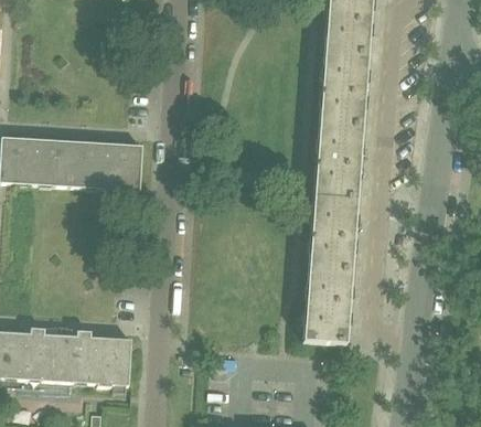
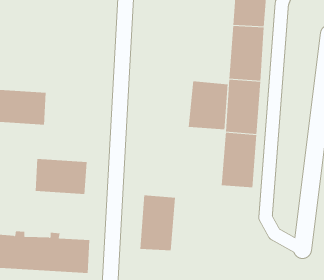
building: none -> [188,81,228,130]
building: [73,141,143,190] -> [35,158,88,195]
building: [303,266,352,341] -> [139,195,176,251]

